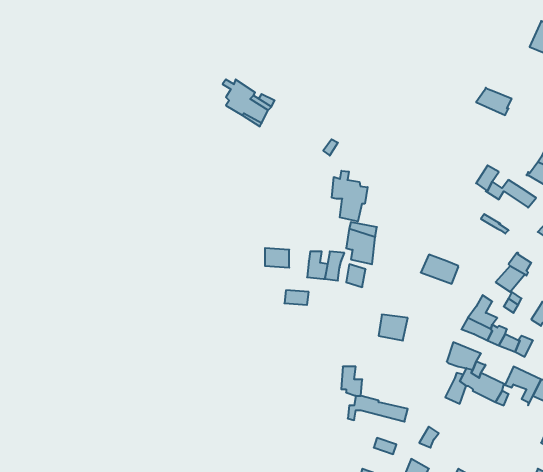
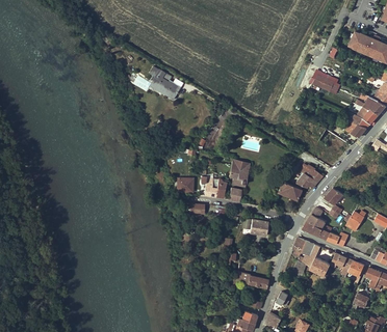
building: [332,171,368,221] -> none
building: none -> [293,163,322,188]

